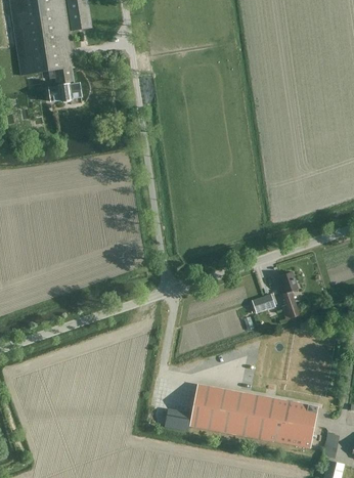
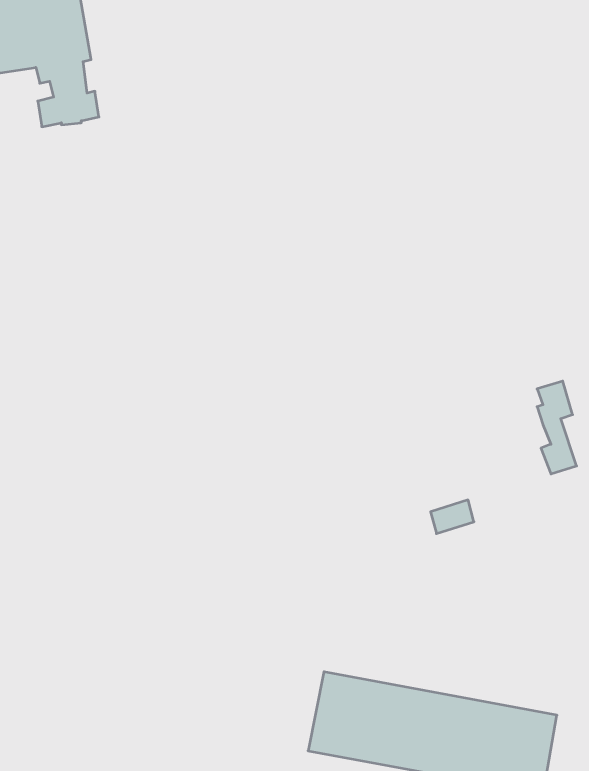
building: [278,271,299,319] -> [537,381,577,474]
building: [163,409,190,431] -> none

